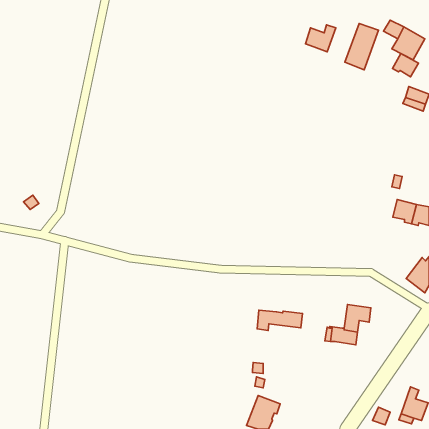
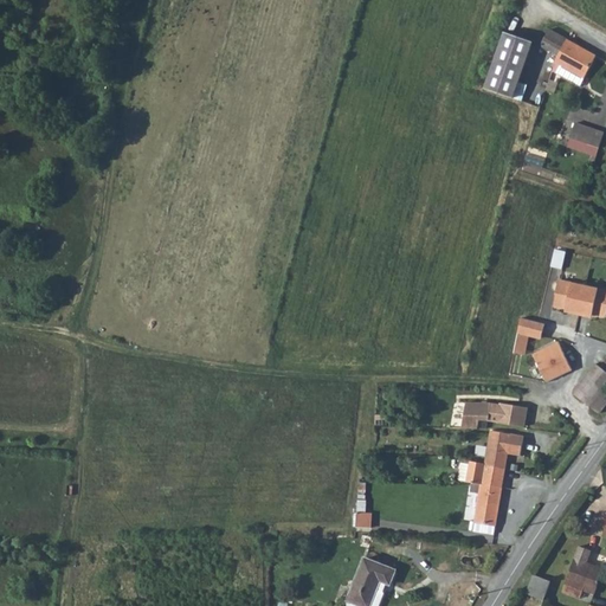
building: [306,25,336,52] -> none
building: [392,53,418,77] -> none
building: none -> [514,320,543,355]
building: none -> [531,341,572,382]
building: [257,310,303,330] -> [463,401,527,430]
building: none -> [469,481,501,533]

